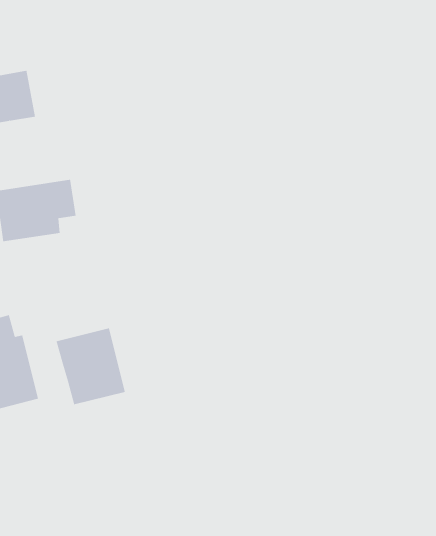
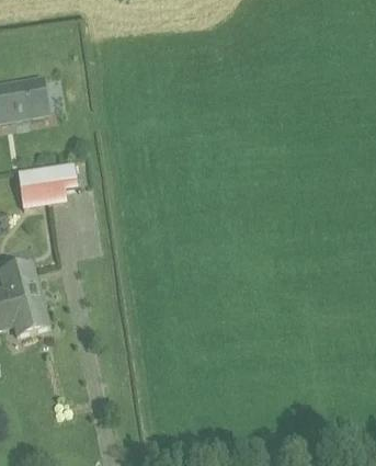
building: [56,327,126,405] -> none

